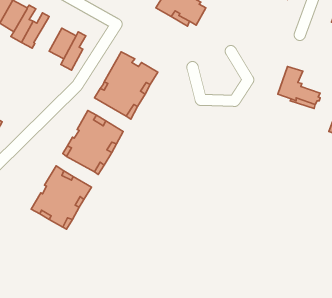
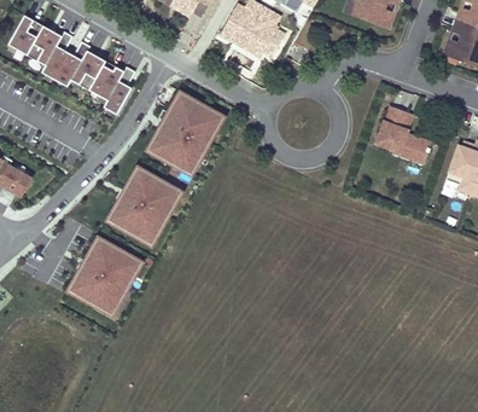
building: none -> [69,50,104,89]

